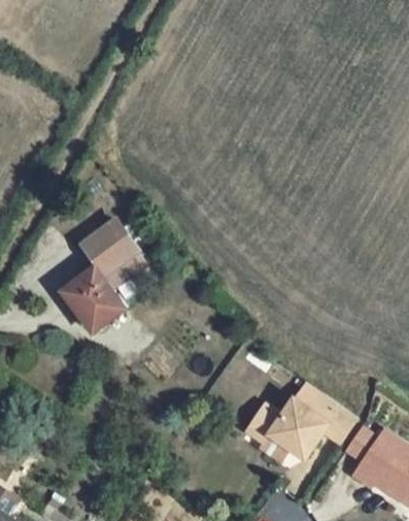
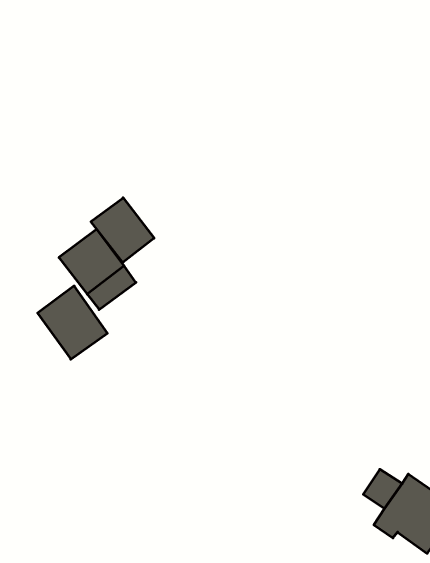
building: none -> [91,198,154,262]
building: [246,393,356,459] -> none

